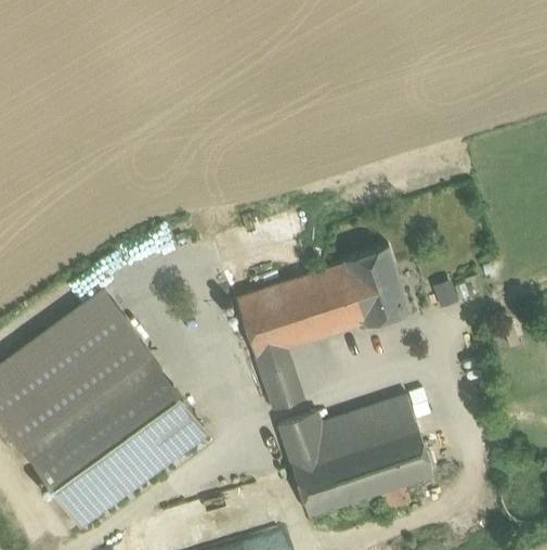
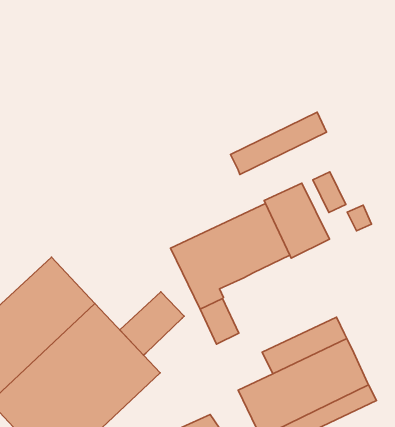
building: none -> [231,112,326,174]
building: none -> [313,172,346,213]
building: none -> [120,292,184,355]
building: [277,411,329,462] -> none

